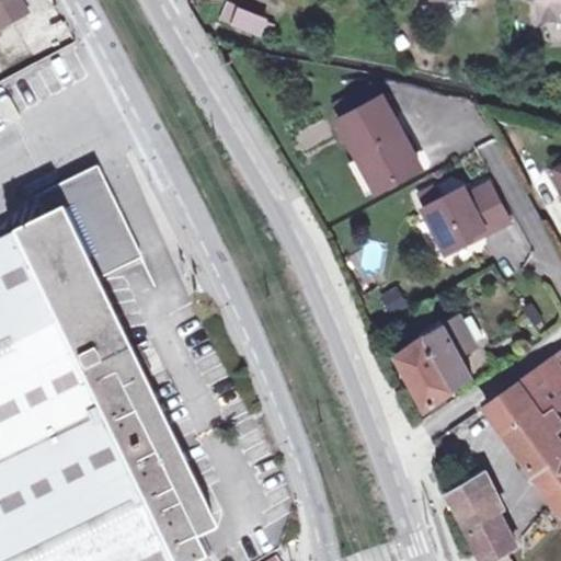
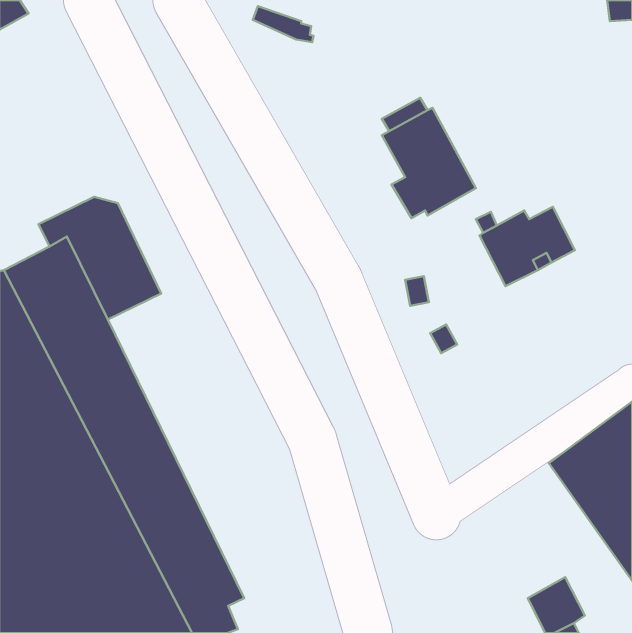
building: [396,317,476,408] -> none
building: [448,477,500,529] -> none

